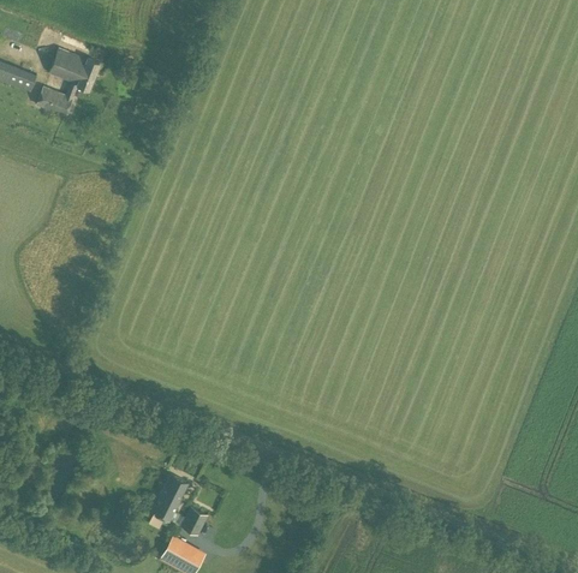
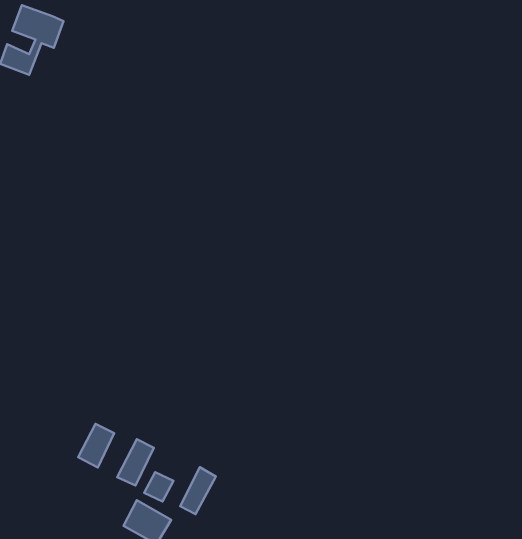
building: none -> [78,424,114,468]
building: none -> [180,467,216,514]

